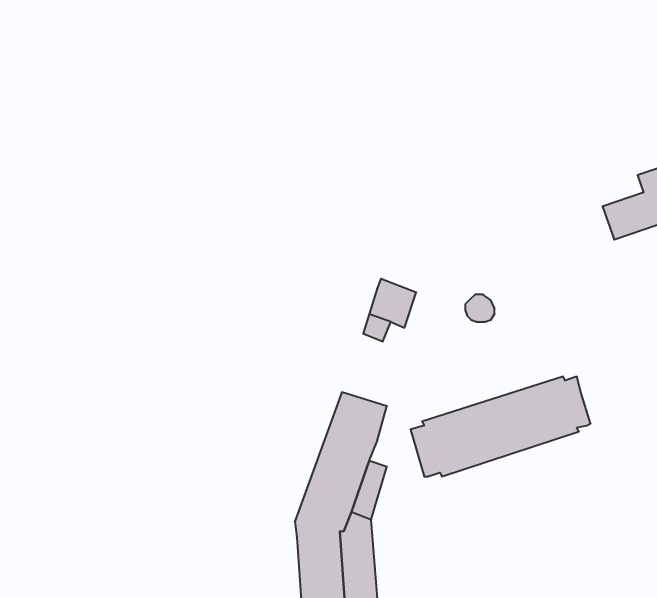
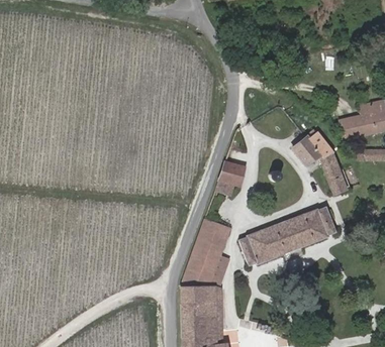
building: none -> [297,136,352,198]

